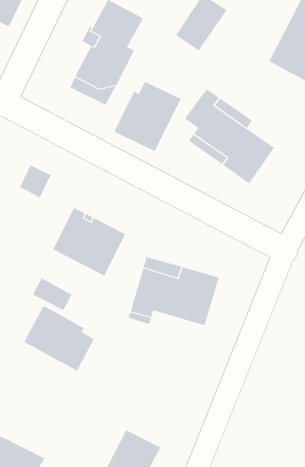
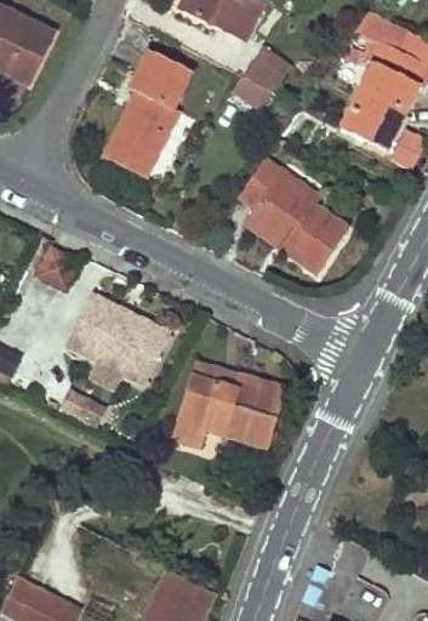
building: [114,81,181,152] -> none
building: [24,305,95,372] -> none

